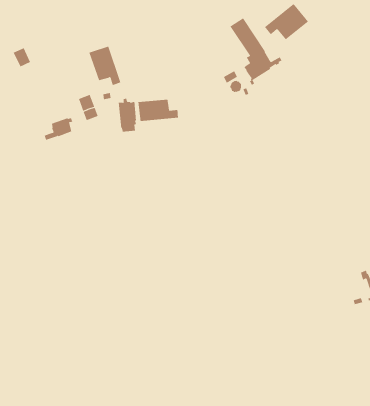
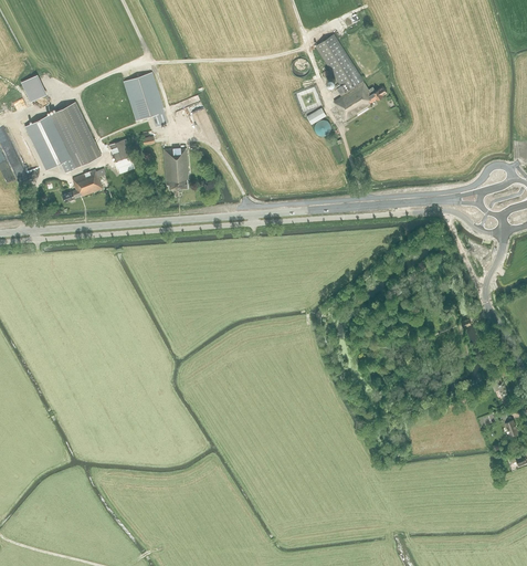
building: [264,3,309,40] -> none
building: none -> [24,102,101,171]
building: [138,99,179,122] -> none

